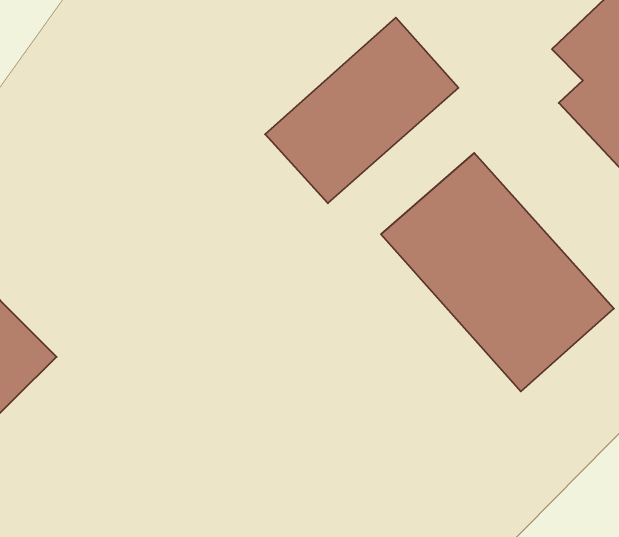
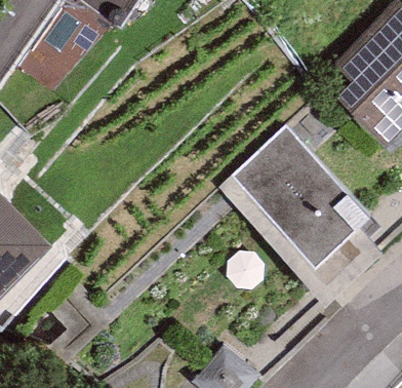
building: [265,18,458,203] -> none

